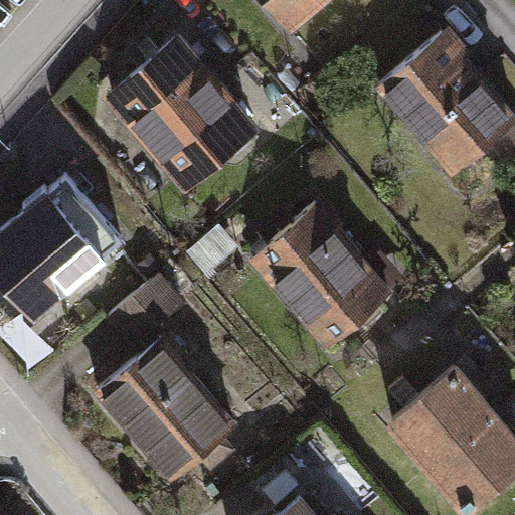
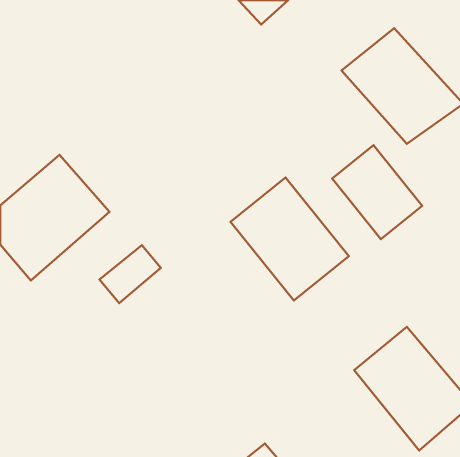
building: [112,38,253,183] -> none
building: none -> [332,145,422,239]
building: [102,340,235,478] -> none

